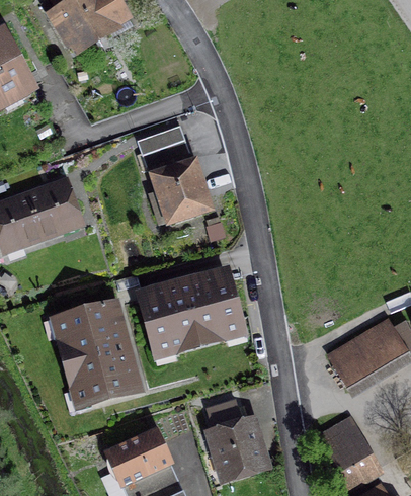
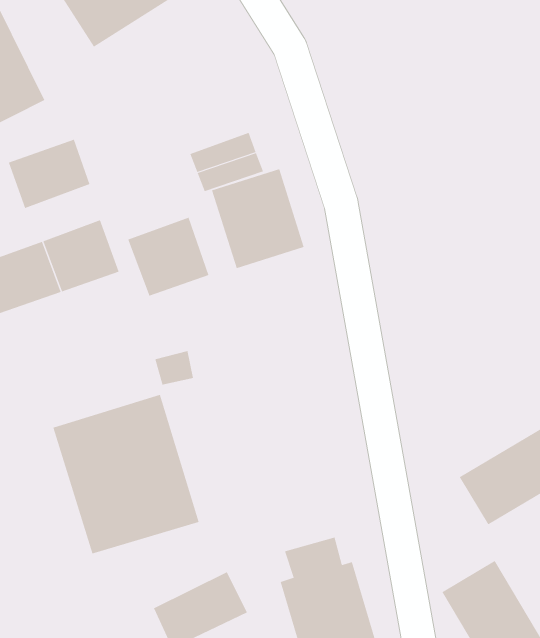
building: none -> [8,139,90,209]
building: none -> [128,217,209,297]
building: [142,260,250,355] -> none

